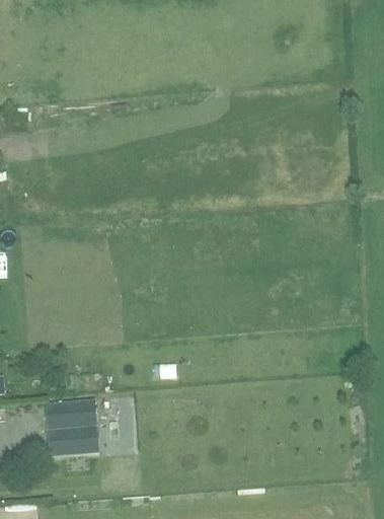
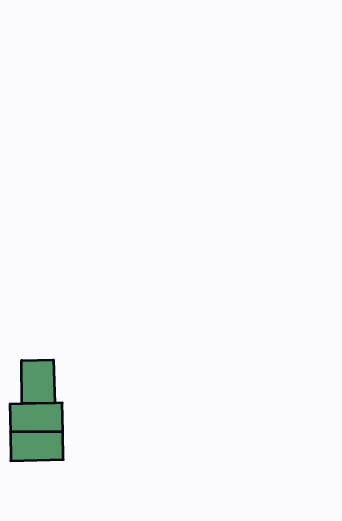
building: none -> [22,360,55,404]

